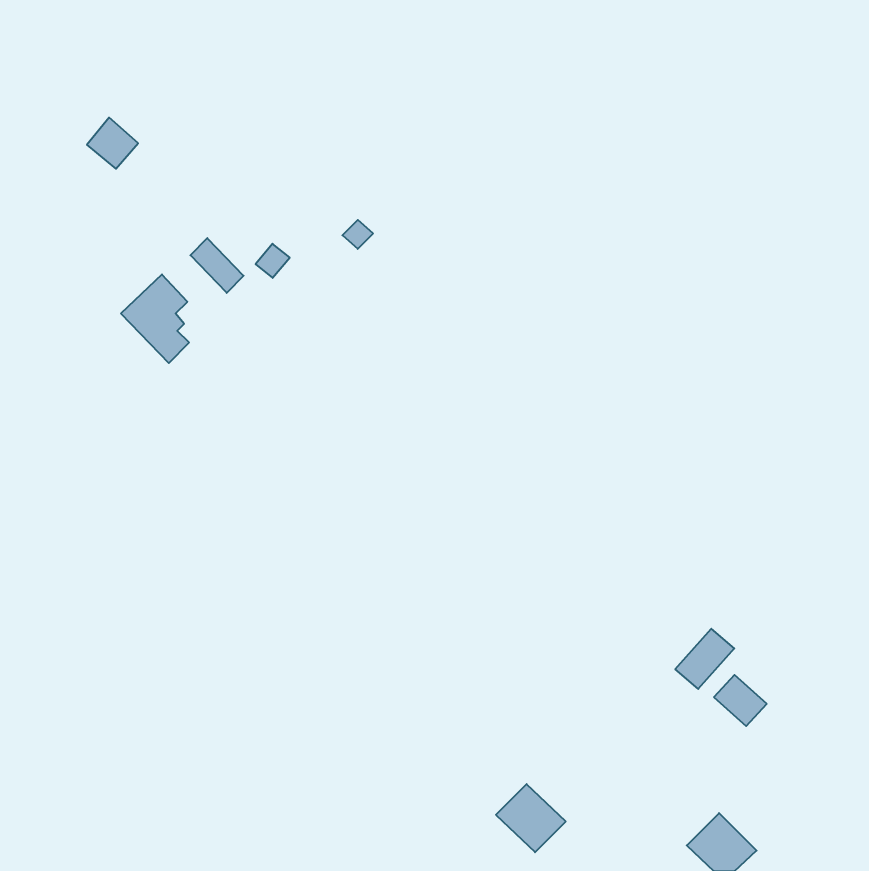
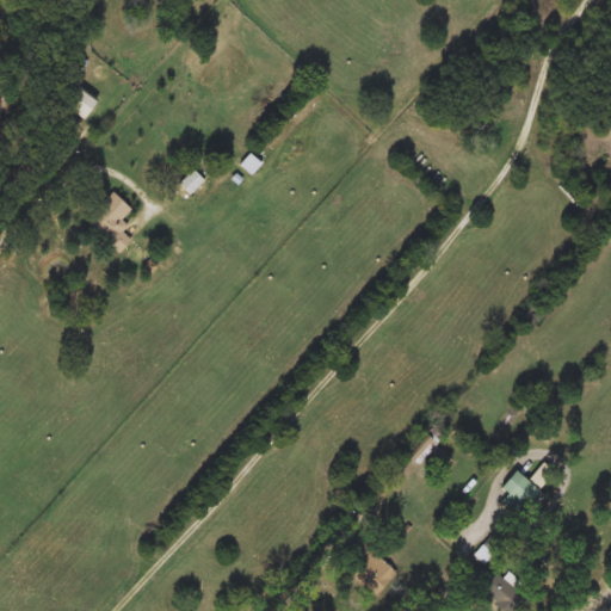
building: [190,238,244,293] -> none
building: [675,629,734,689] -> none

